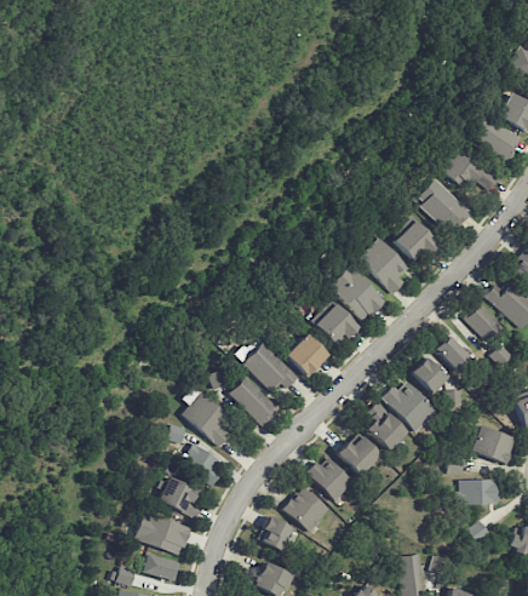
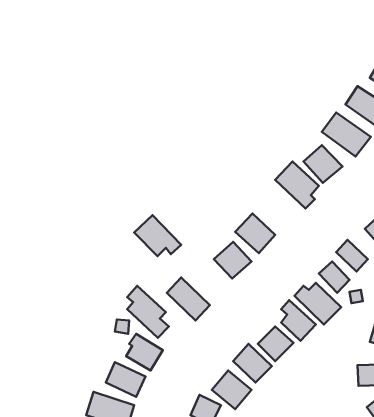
building: [329,264,385,321] -> none
building: [243,342,299,390] -> [134,215,181,256]

